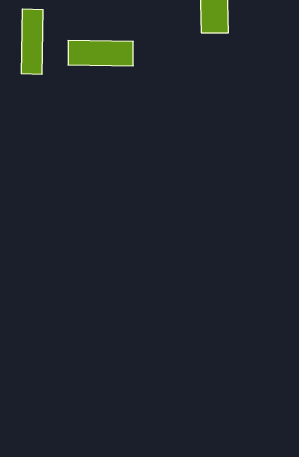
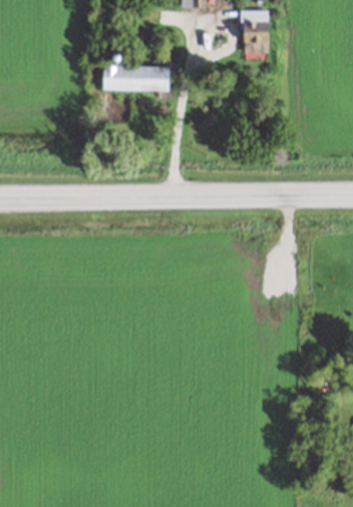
building: [21,9,43,74] -> none

